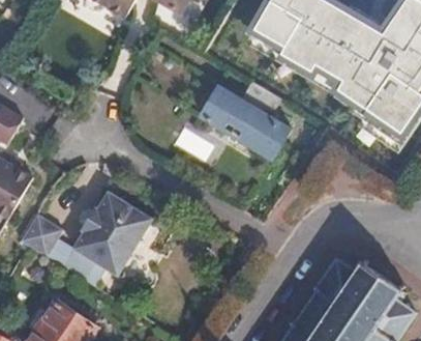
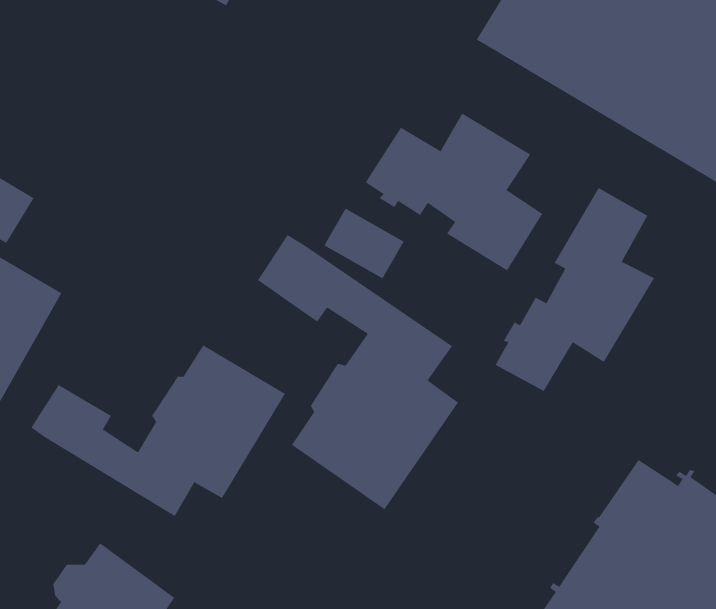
building: none -> [495,187,655,392]
building: none -> [257,234,459,510]

